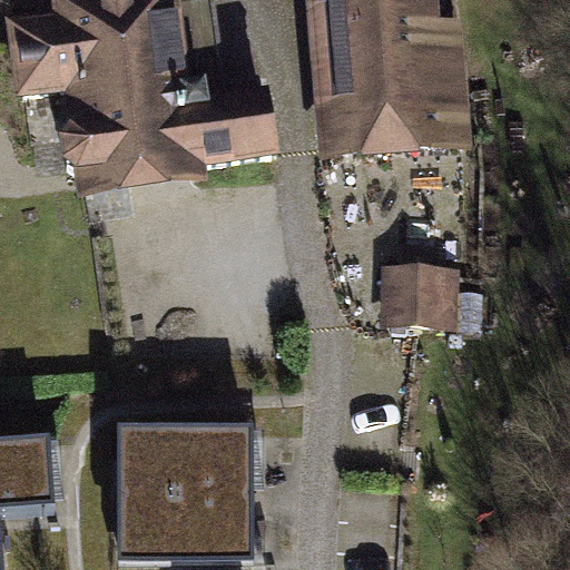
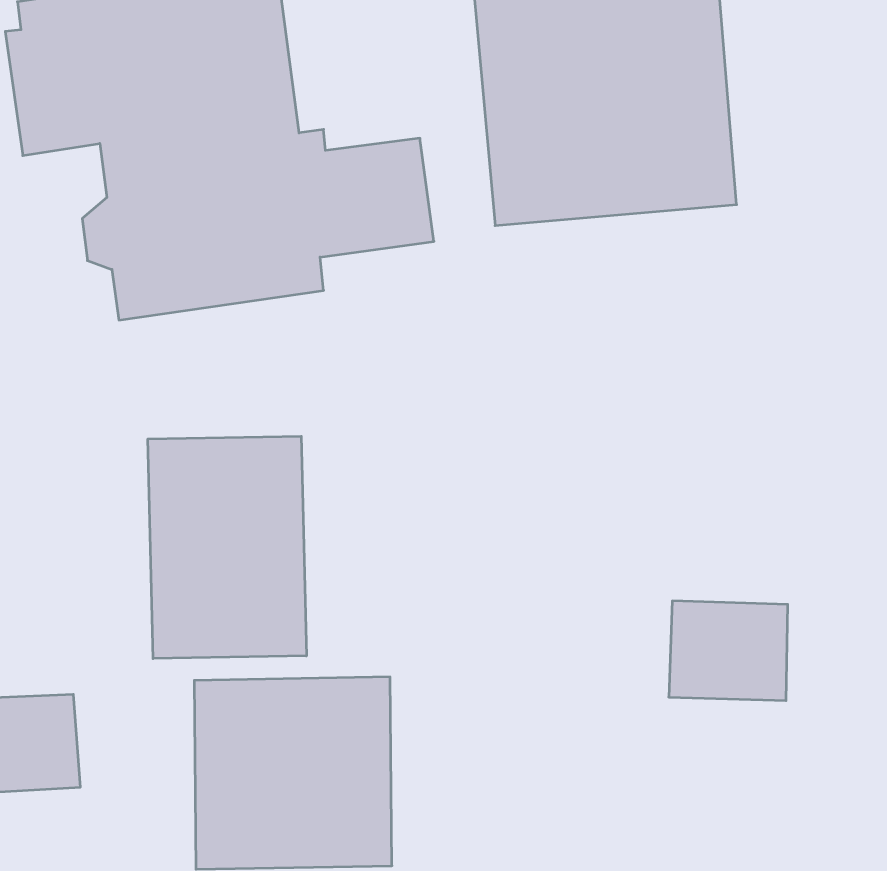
building: [381,261,456,324] -> [669,601,788,701]
building: none -> [148,436,306,659]

